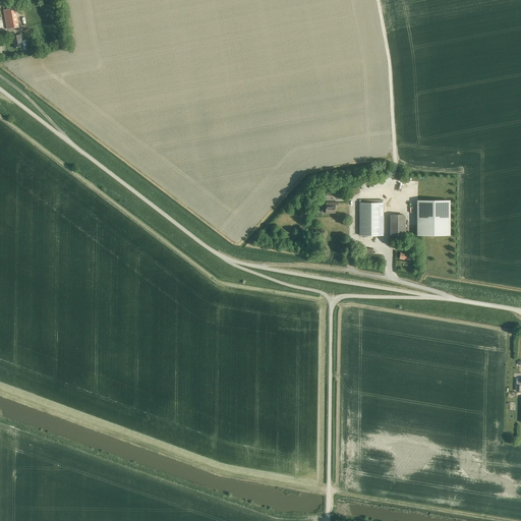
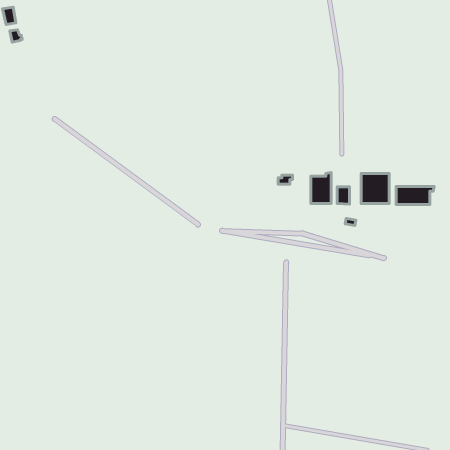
building: none -> [396,187,434,204]

